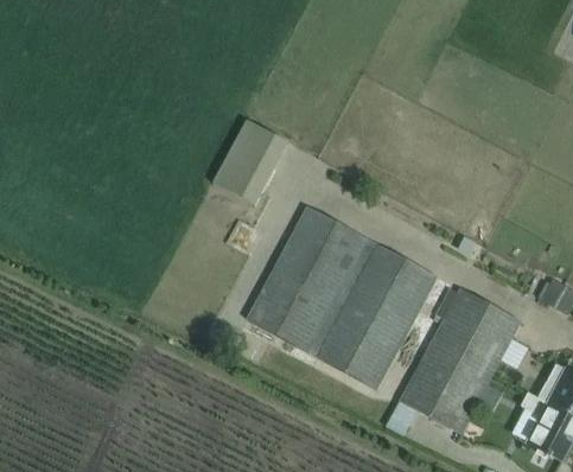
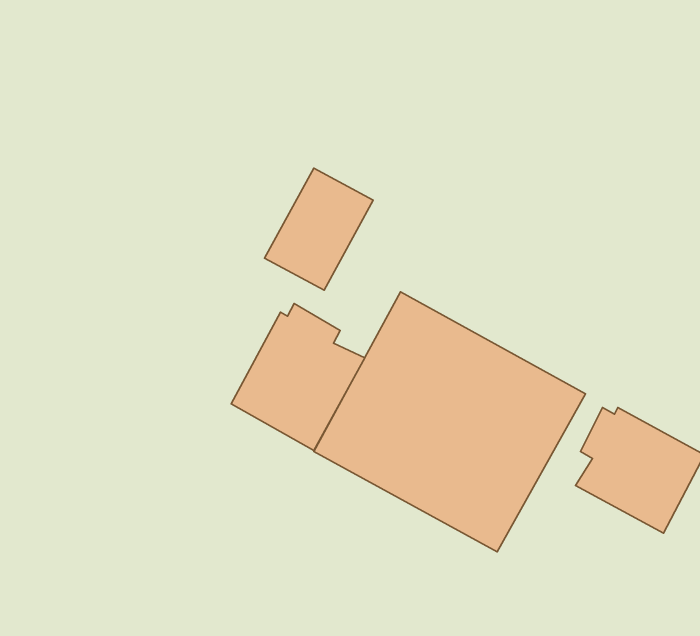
building: none -> [231,303,365,451]
building: [399,342,491,433] -> none

